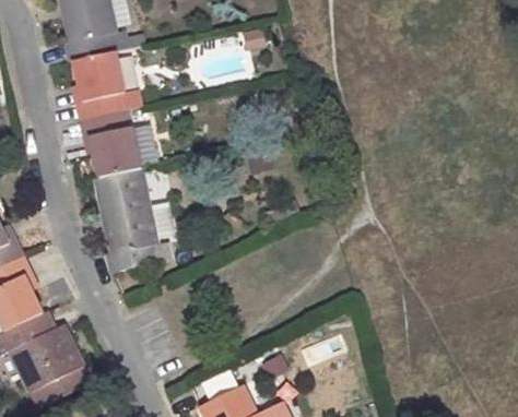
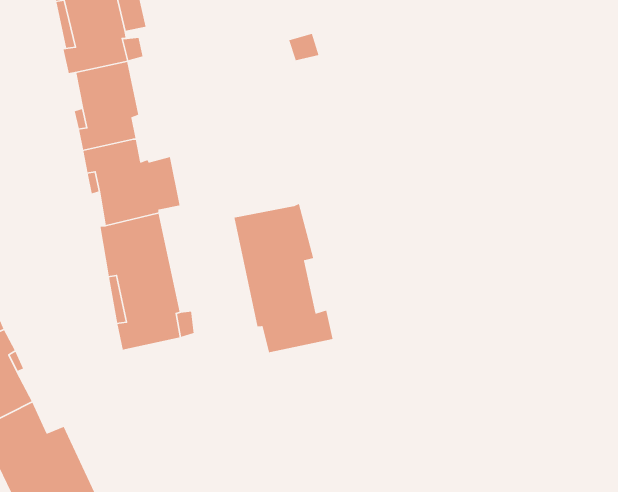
building: none -> [233,203,333,353]

